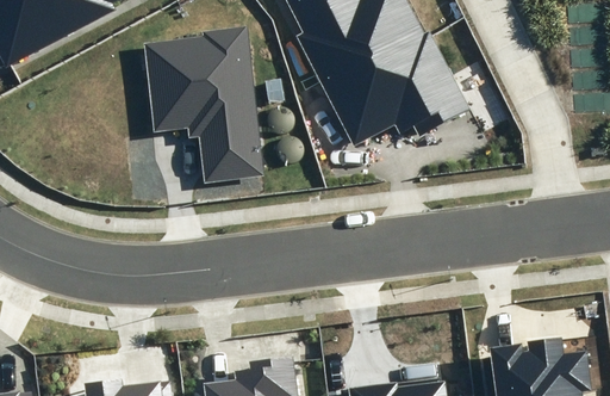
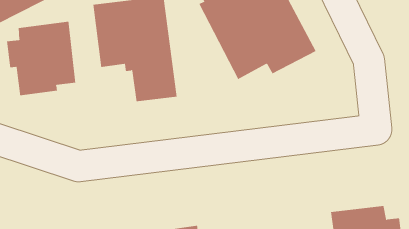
building: none -> [7,21,76,96]

